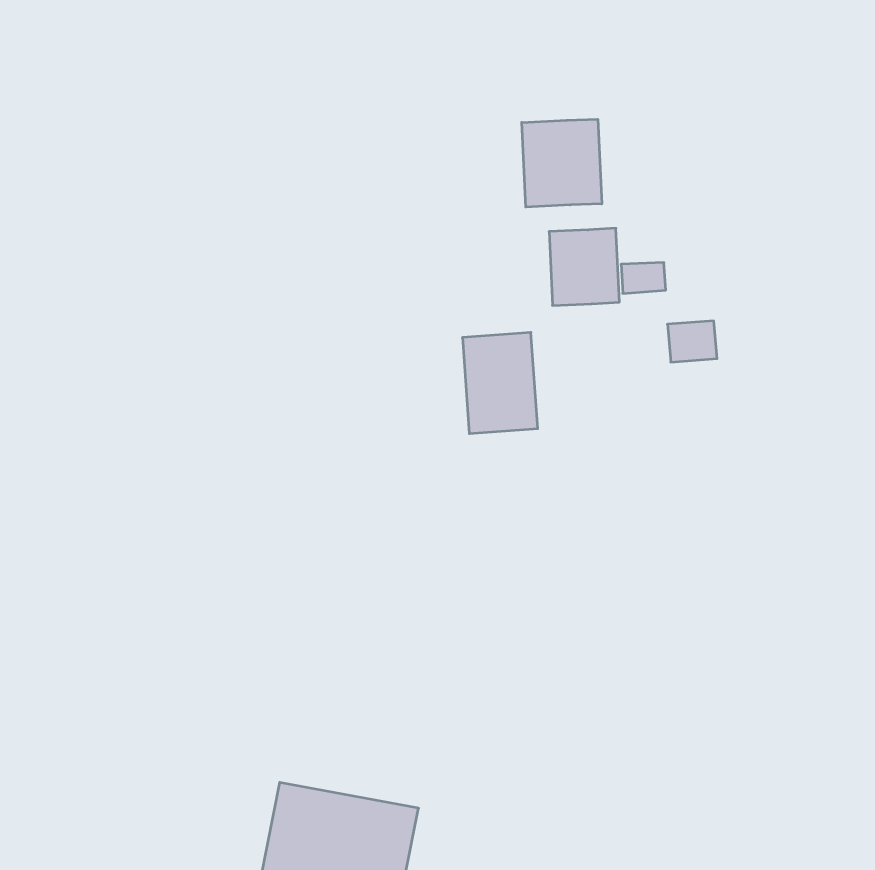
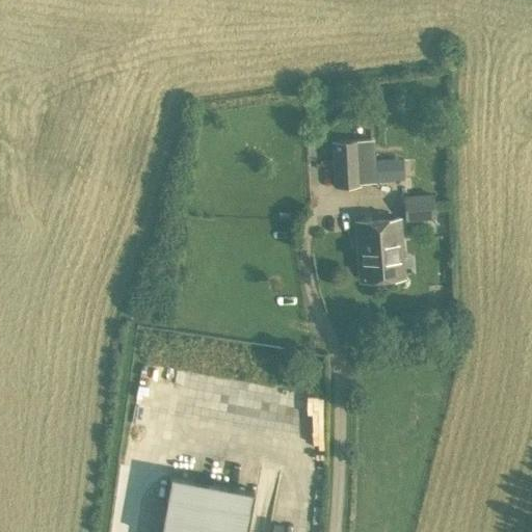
building: [522,119,602,207] -> none
building: [462,332,538,434] -> [357,222,403,284]

